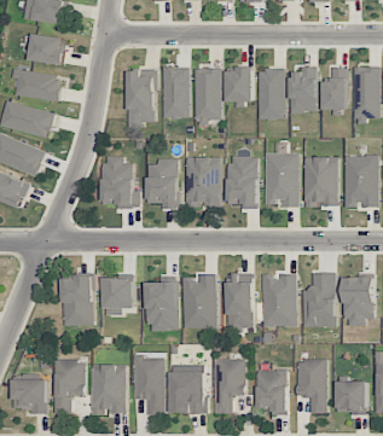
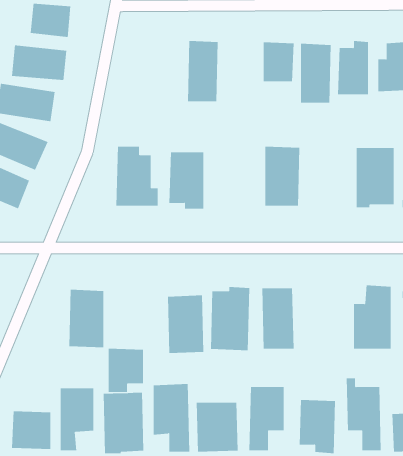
building: [195,68,221,126] -> none
building: [127,71,155,123] -> none
building: [266,153,300,208] -> none
building: [186,157,220,205] -> none
building: [262,275,297,327] -> none
building: [104,278,134,315] -> [108,348,144,392]

